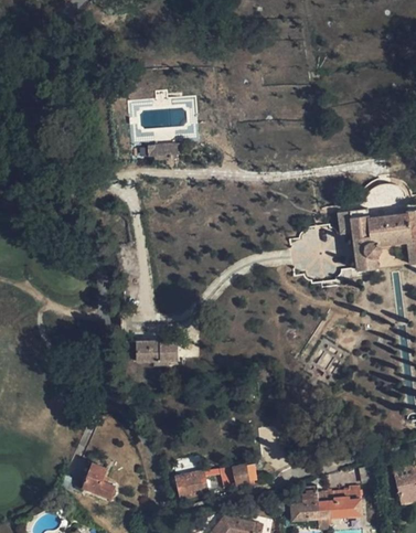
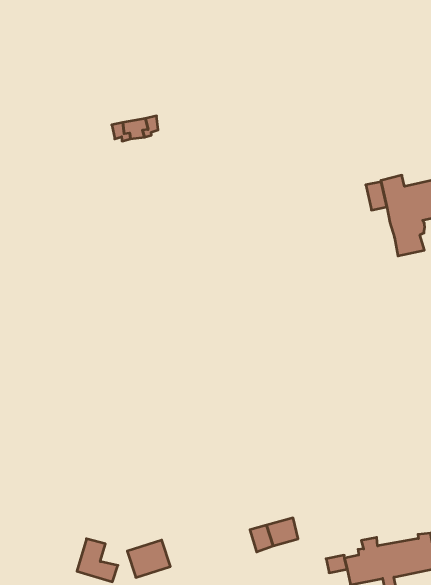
building: [135,341,178,362] -> none
building: [175,472,207,499] -> [127,540,170,577]

